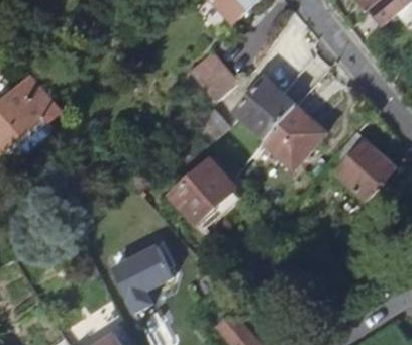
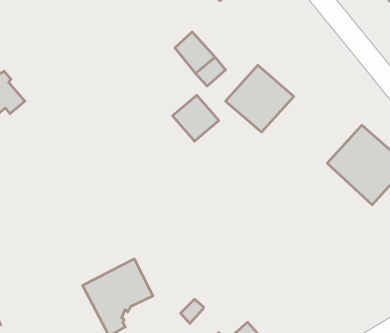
building: [264,106,326,168] -> none
building: [174,162,235,221] -> none

